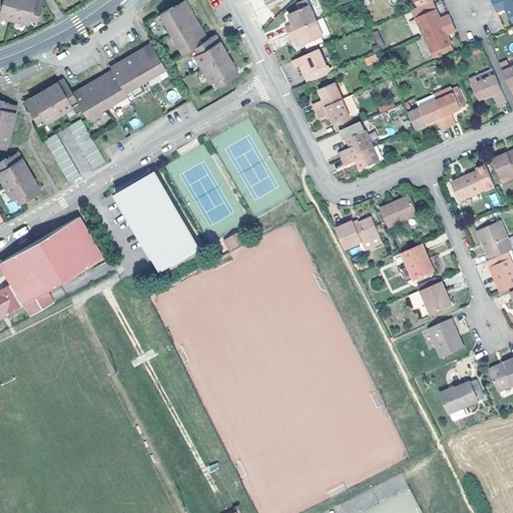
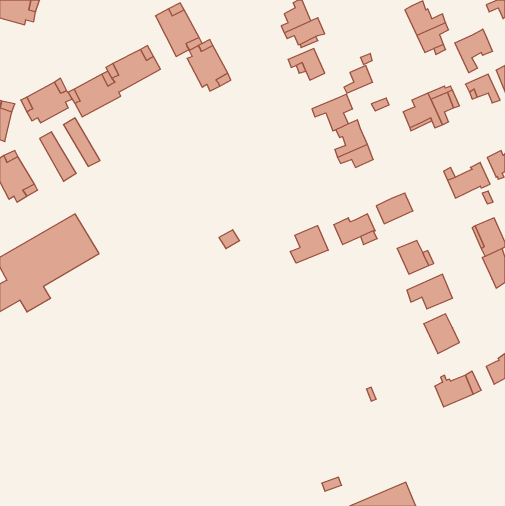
building: none -> [455,29,493,73]
building: [313,82,342,110] -> [344,65,373,93]
building: [114,170,199,271] -> none
building: none -> [290,226,328,263]

